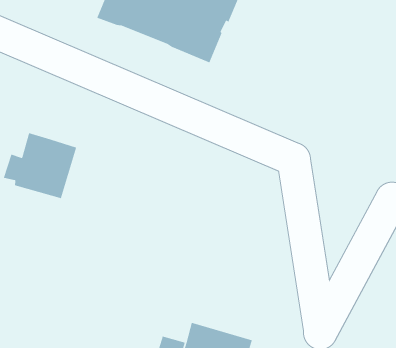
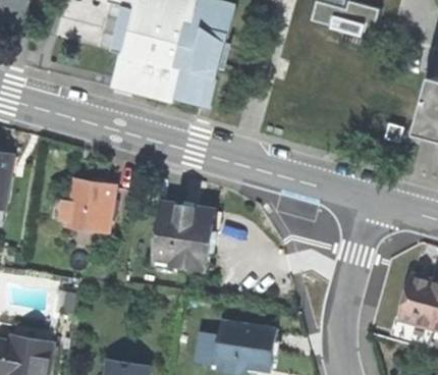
building: none -> [151,205,214,271]

